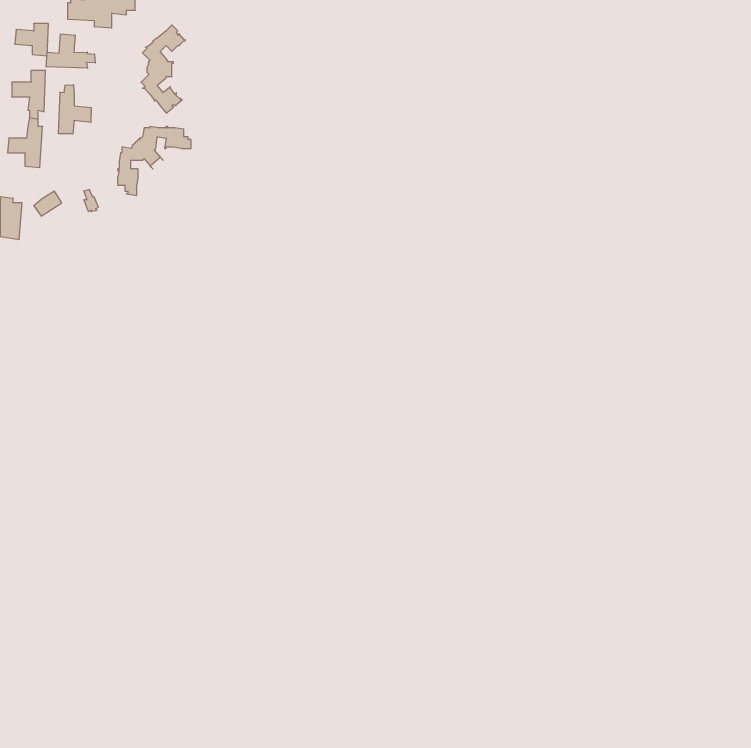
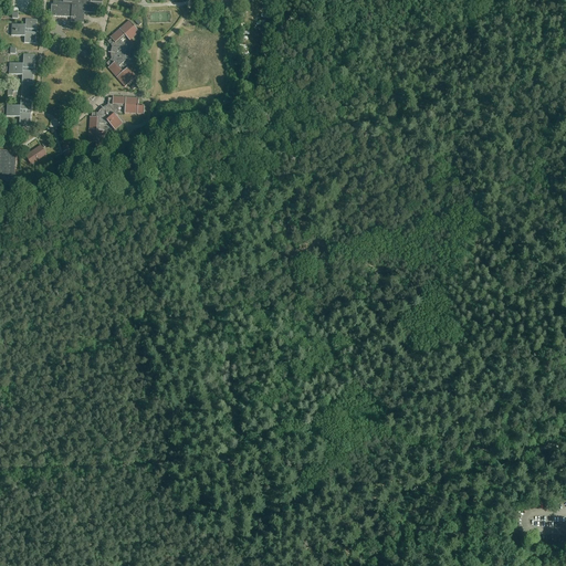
building: [46,34,95,68] -> none
building: [59,85,91,134] -> none

